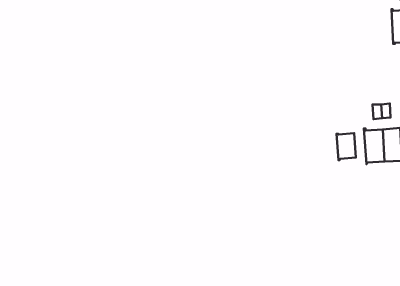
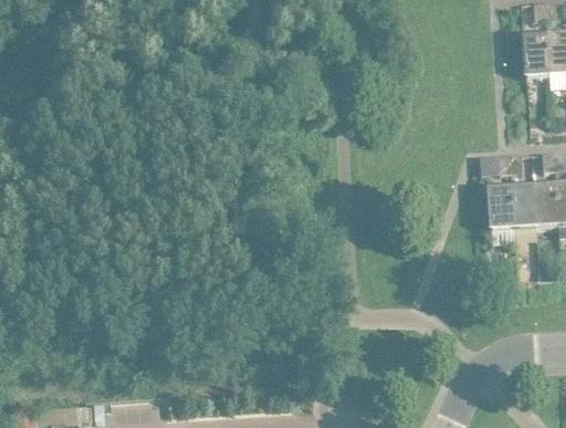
building: [337,133,356,160] -> none

